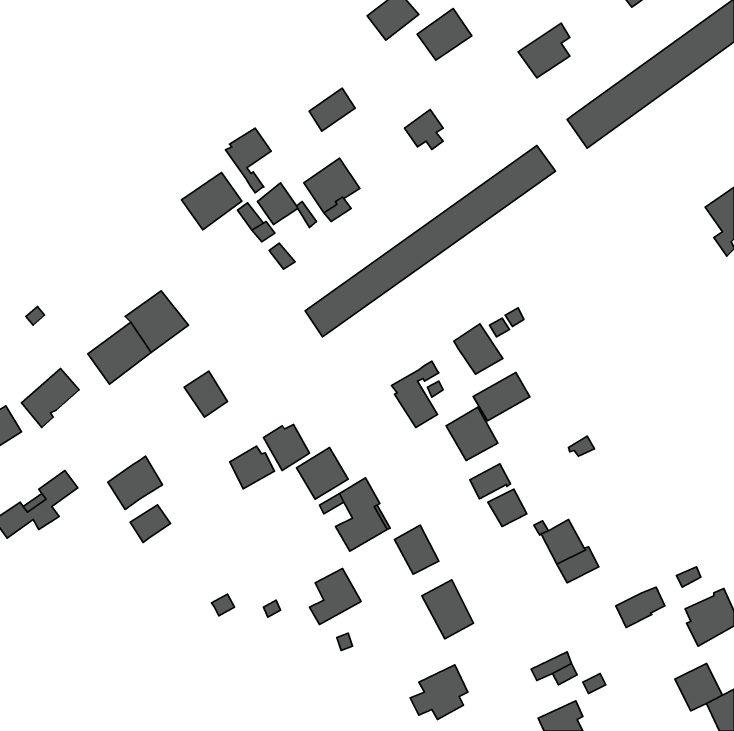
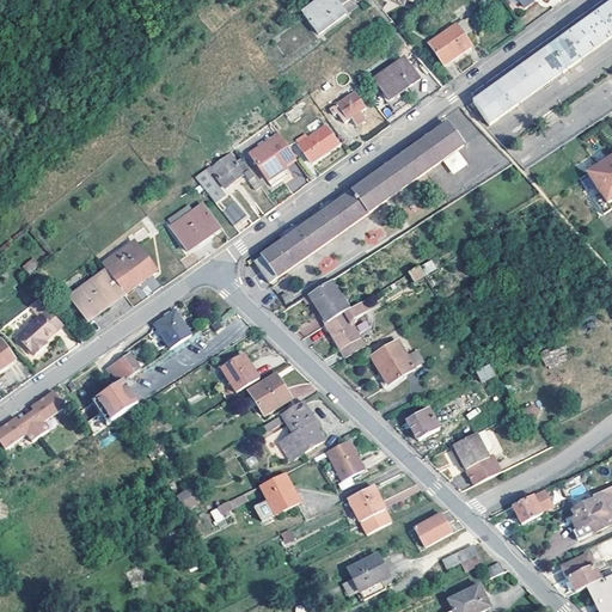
building: [417,8,472,60] -> [377,56,422,99]
building: [309,88,355,131] -> [301,126,339,161]
building: [225,128,271,193] -> none
building: [181,172,242,230] -> [171,203,221,251]
building: [454,324,503,374] -> [307,279,348,320]
building: [473,373,530,421] -> none
building: [230,446,275,489] -> none
building: [470,464,510,499] -> none
building: [130,505,170,542] -> [105,351,139,382]
building: none -> [414,512,451,545]

